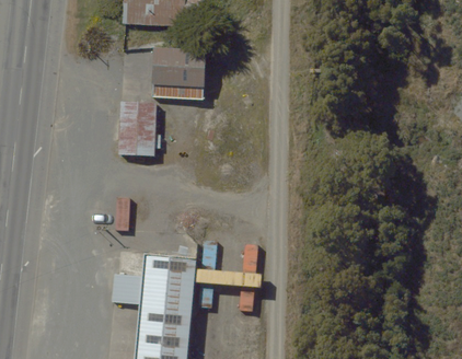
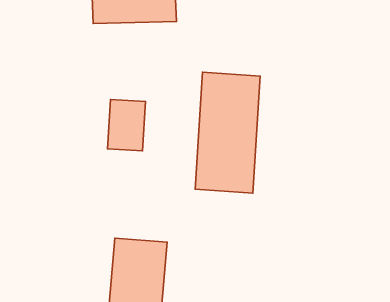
building: [149,44,199,86] -> none
building: none -> [195,72,260,193]

